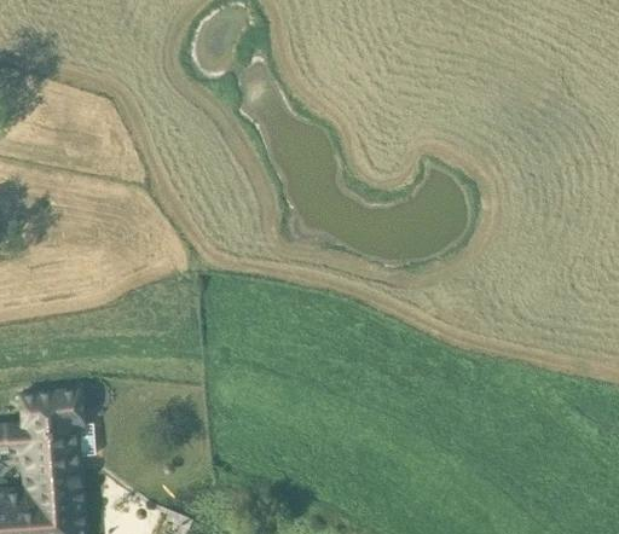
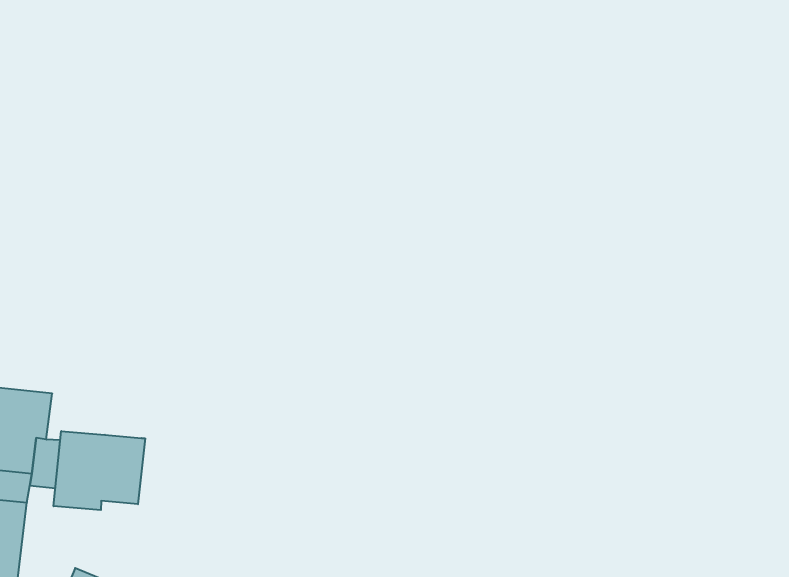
building: none -> [54,431,145,510]

